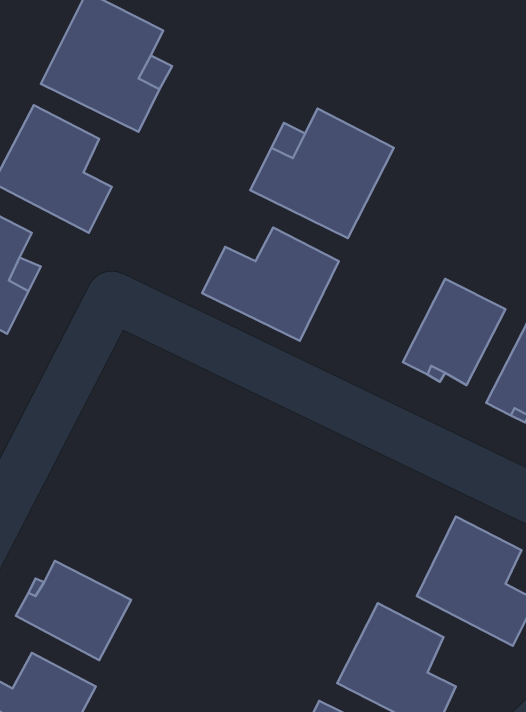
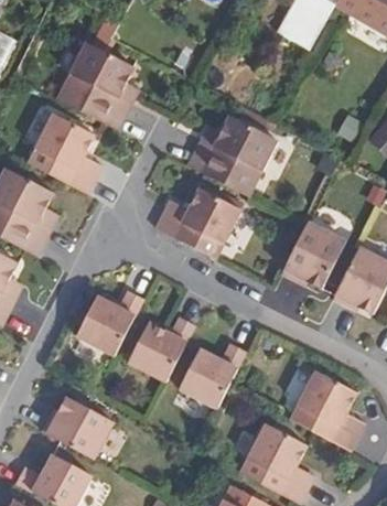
building: none -> [76,292,143,356]
building: none -> [128,317,195,383]
building: none -> [178,344,243,408]

